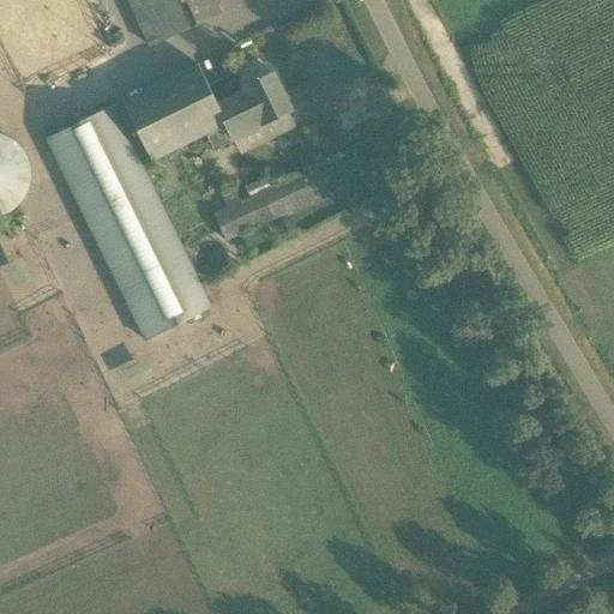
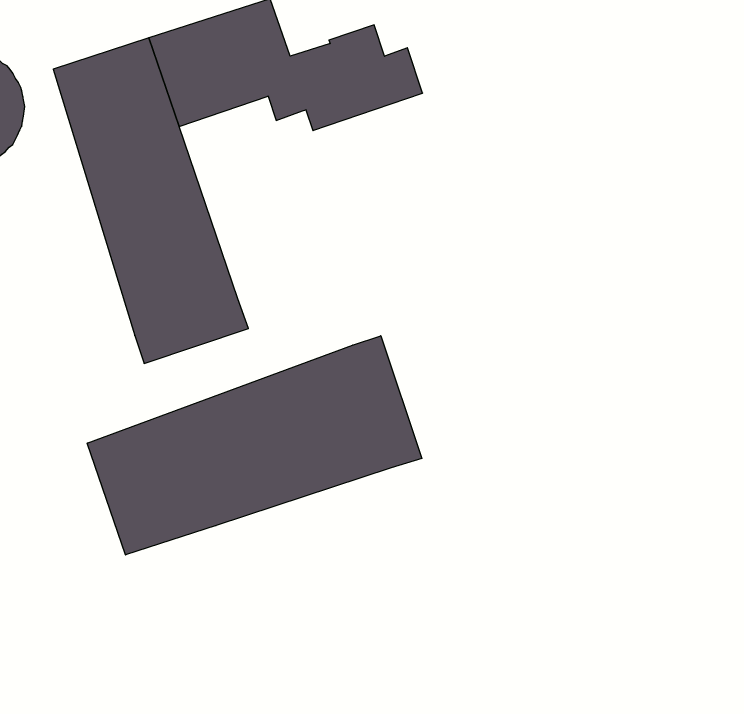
building: [213,167,325,239] -> none
building: none -> [87,336,422,555]

